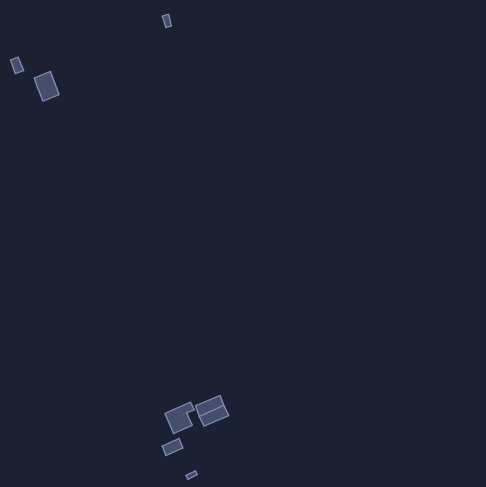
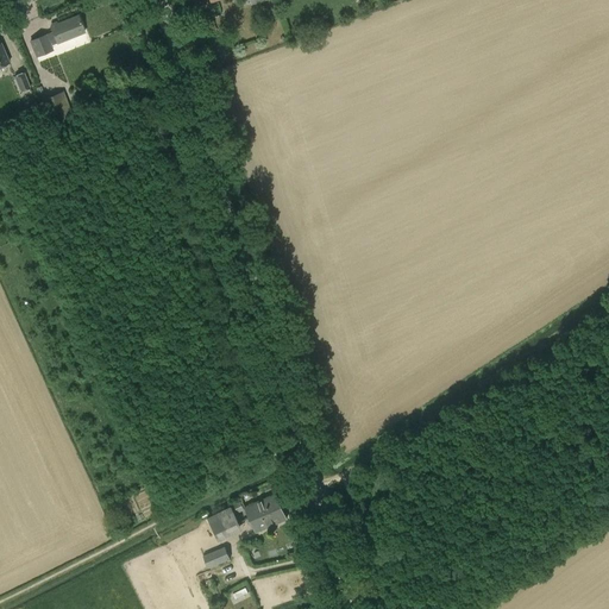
building: none -> [29,15,83,56]

